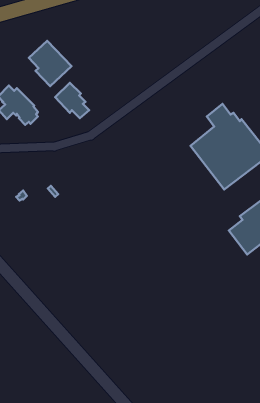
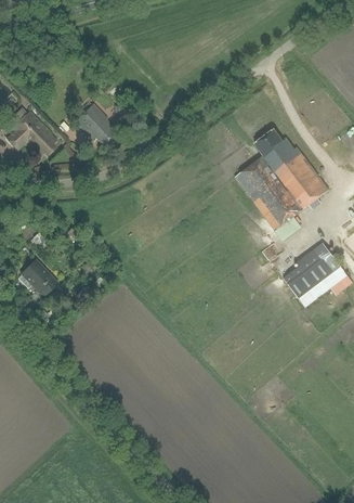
building: [29,41,71,86] -> none
building: none -> [18,259,57,296]

